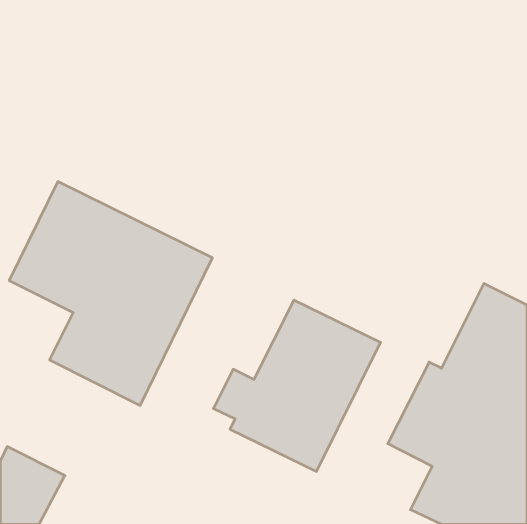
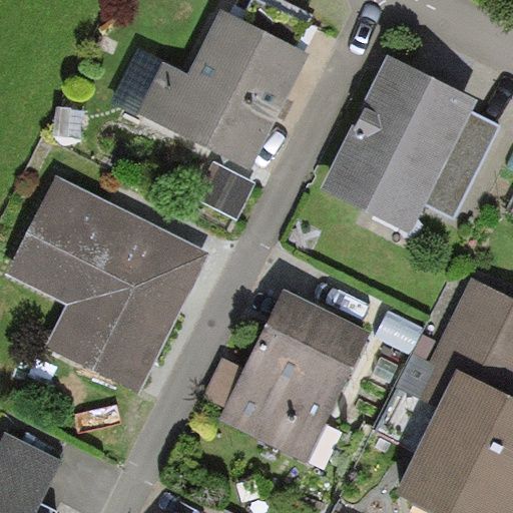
building: none -> [112,9,315,218]
building: none -> [322,58,499,234]

